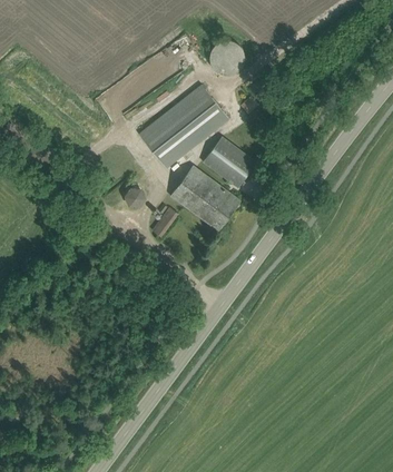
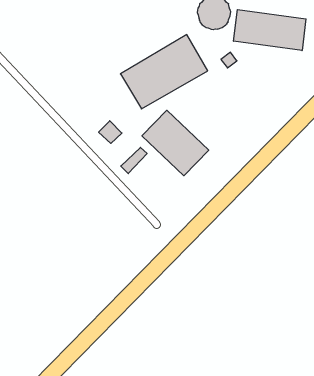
building: none -> [234,10,306,51]
building: [202,137,256,188] -> none

